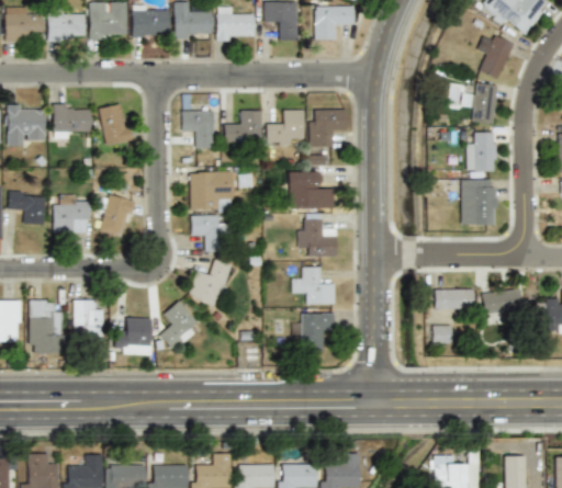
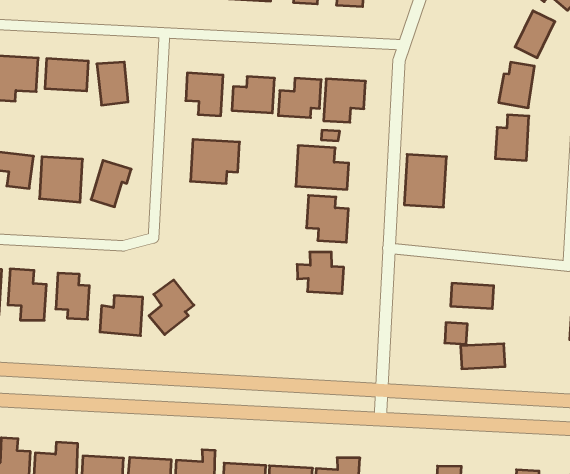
building: [461,179,497,225] -> [404,154,447,207]
building: [191,215,218,246] -> none
building: [189,259,231,306] -> none
building: [481,288,522,314] -> [461,344,505,369]
building: [302,313,335,352] -> none

